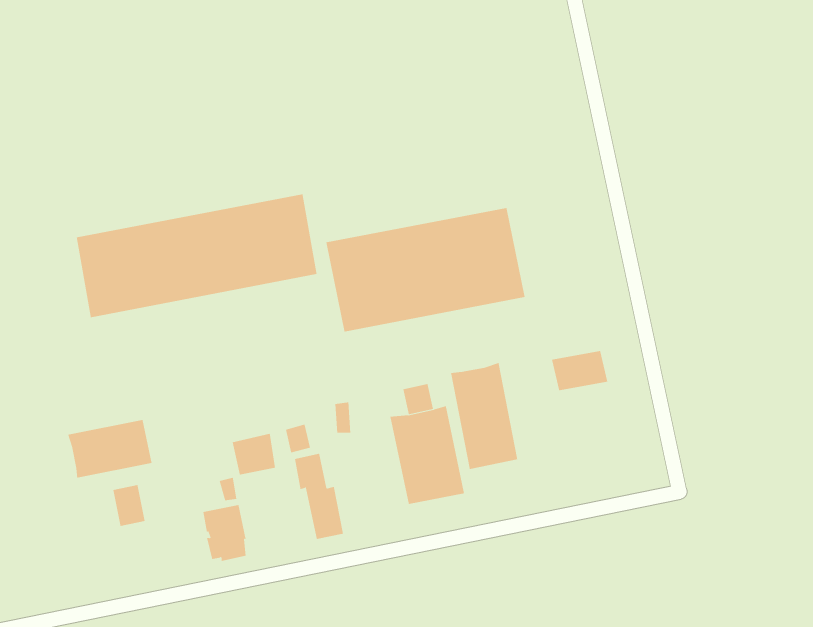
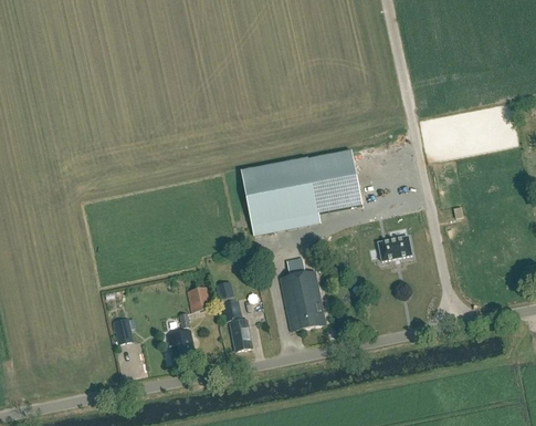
building: [76,193,317,318] -> none
building: [451,362,518,470] -> none
building: [67,419,152,478] -> none

